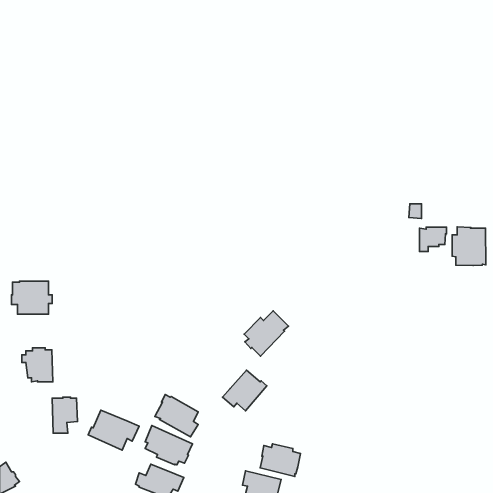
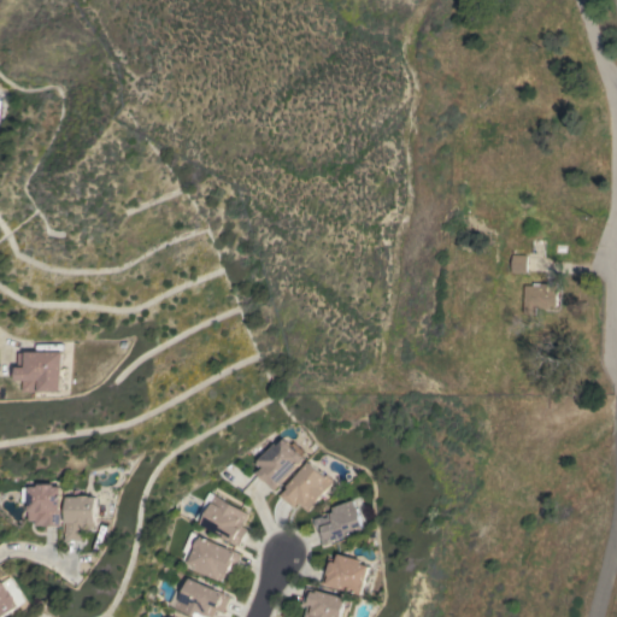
building: [452,227,486,265] -> none
building: [244,311,288,356] -> [252,435,307,492]
building: [22,348,53,382] -> [22,484,60,527]
building: none -> [312,500,365,546]
building: [88,410,139,450] -> none

